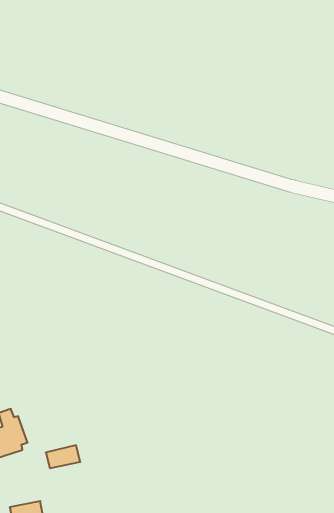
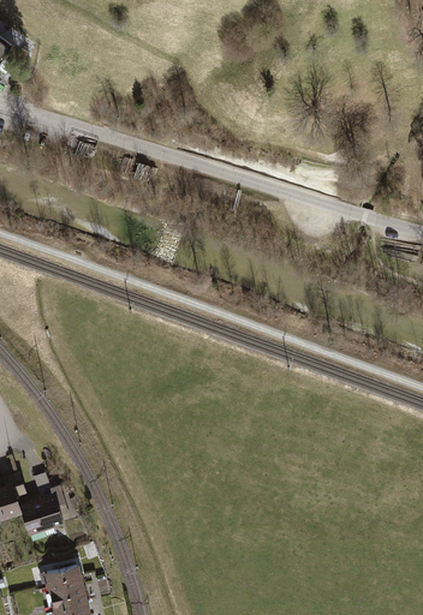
building: [46,445,80,468] -> [43,565,83,591]

